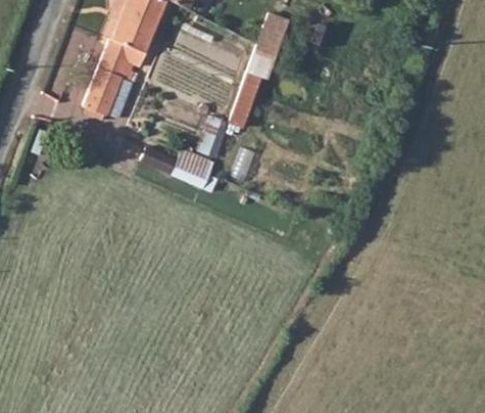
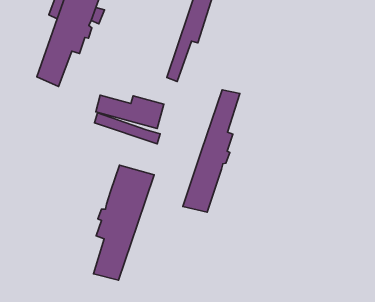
building: none -> [183,90,240,212]
building: none -> [93,165,154,280]

